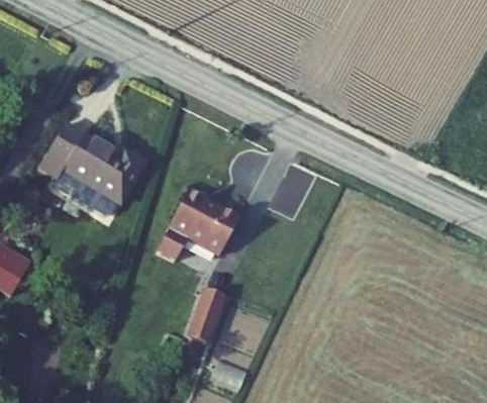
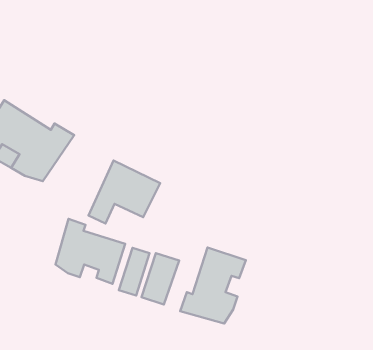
building: none -> [56,219,125,284]
building: none -> [180,248,246,324]

